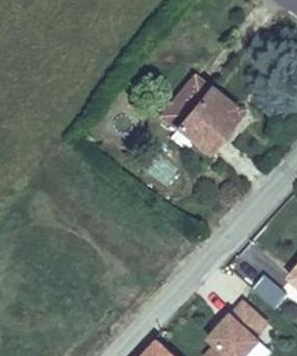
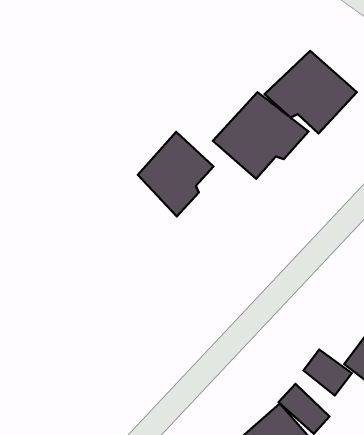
building: none -> [264,51,357,133]
building: none -> [138,132,213,216]

